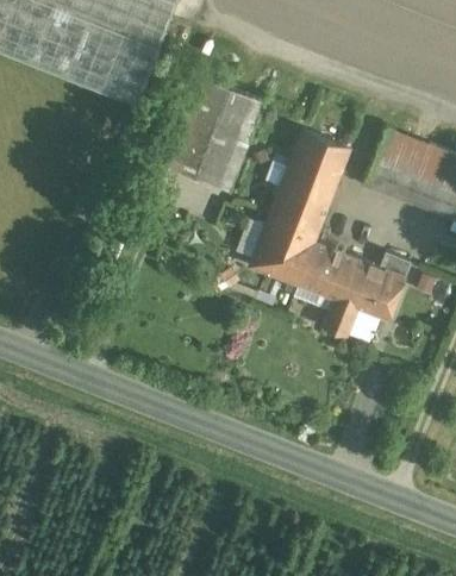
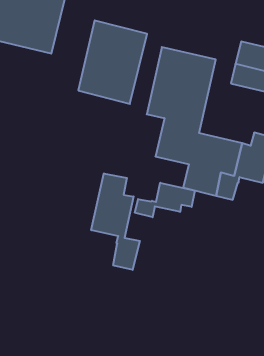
building: none -> [91,173,140,270]
building: none -> [135,183,195,217]

